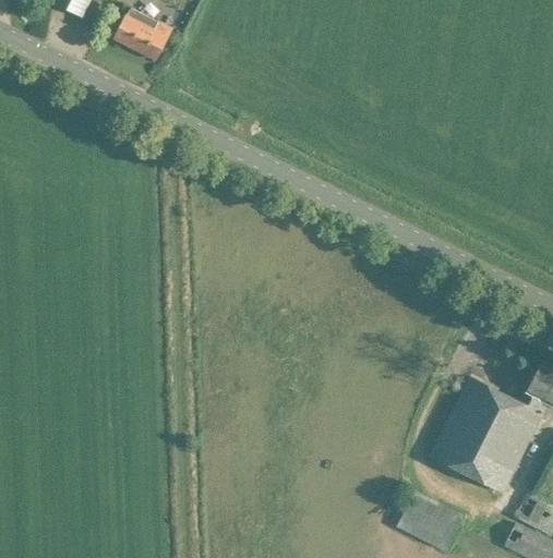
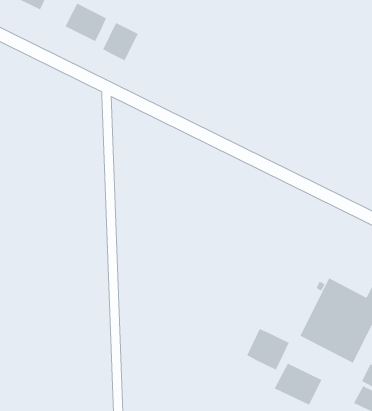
building: none -> [102,22,139,61]
building: none -> [247,328,290,370]

